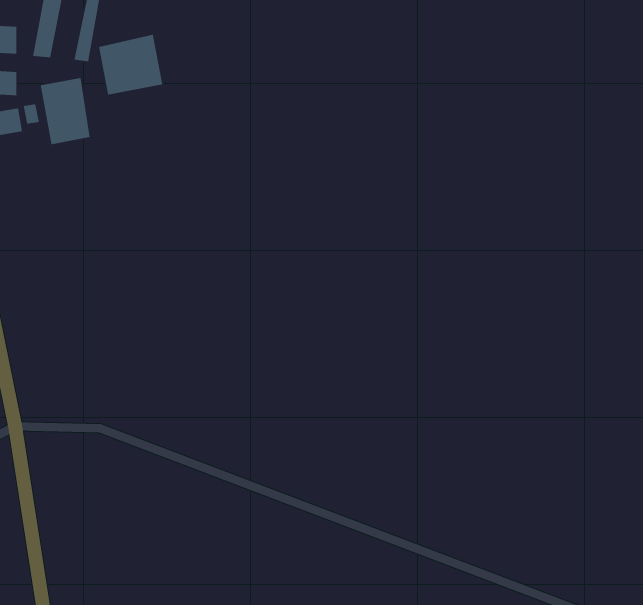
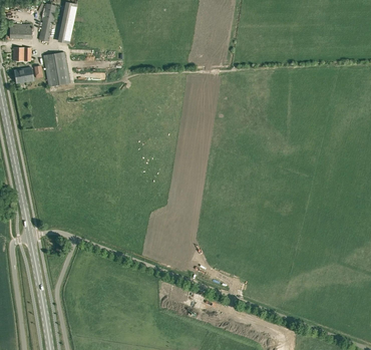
building: [98,34,163,95] -> none

